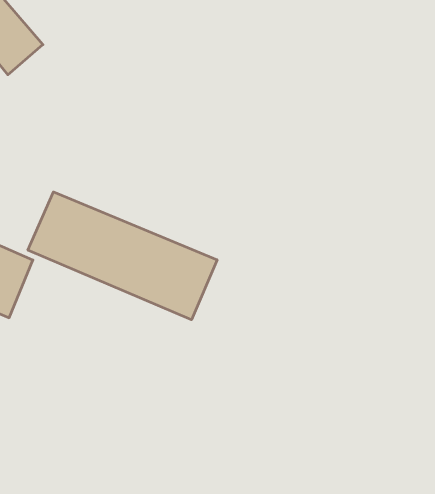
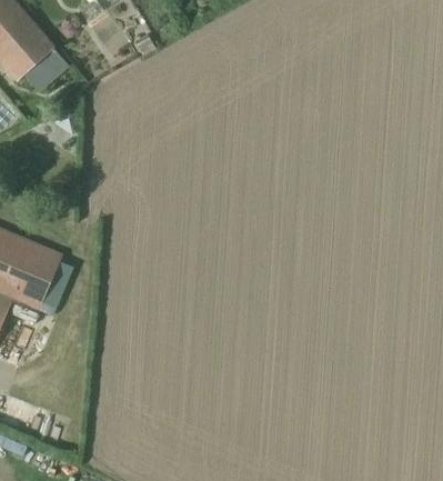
building: [28,192,217,320] -> none

